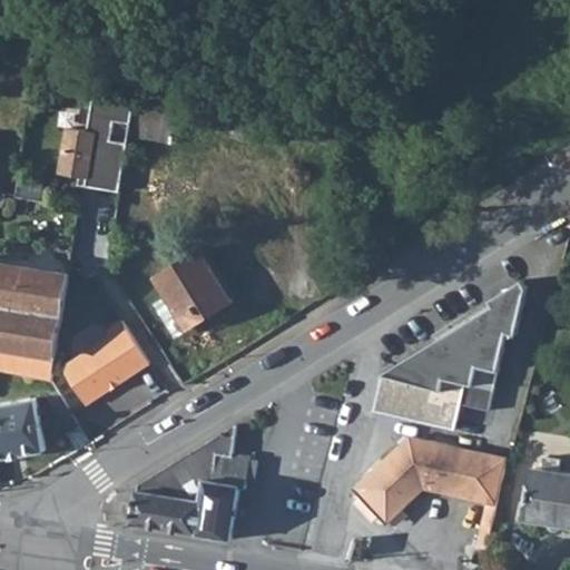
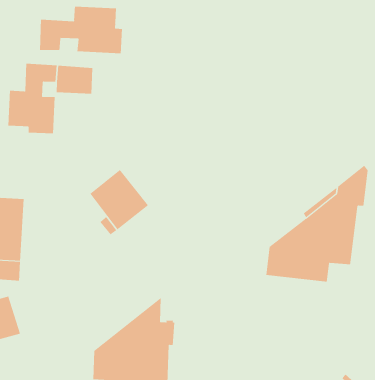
building: none -> [40,6,123,54]
building: [65,323,148,405] -> none
building: [353,436,508,549] -> none

